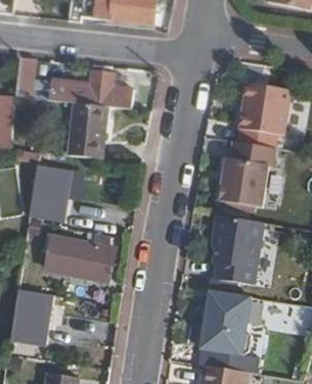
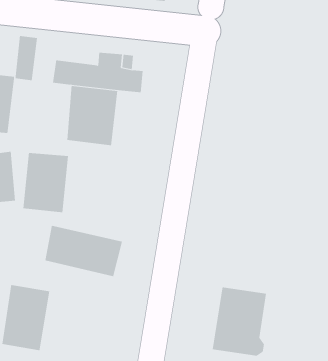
building: [238,83,289,134] -> none
building: [219,140,275,206] -> none
building: [212,214,264,284] -> none

